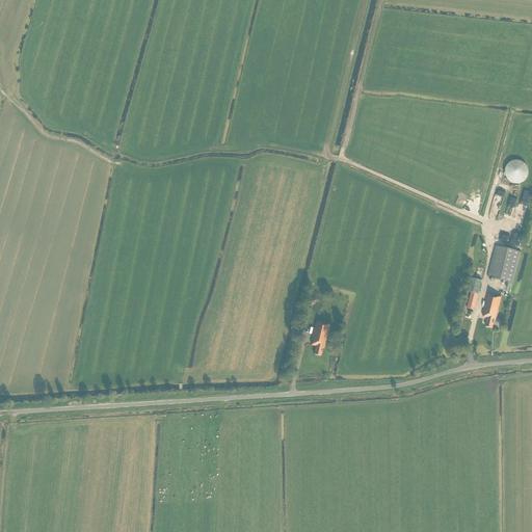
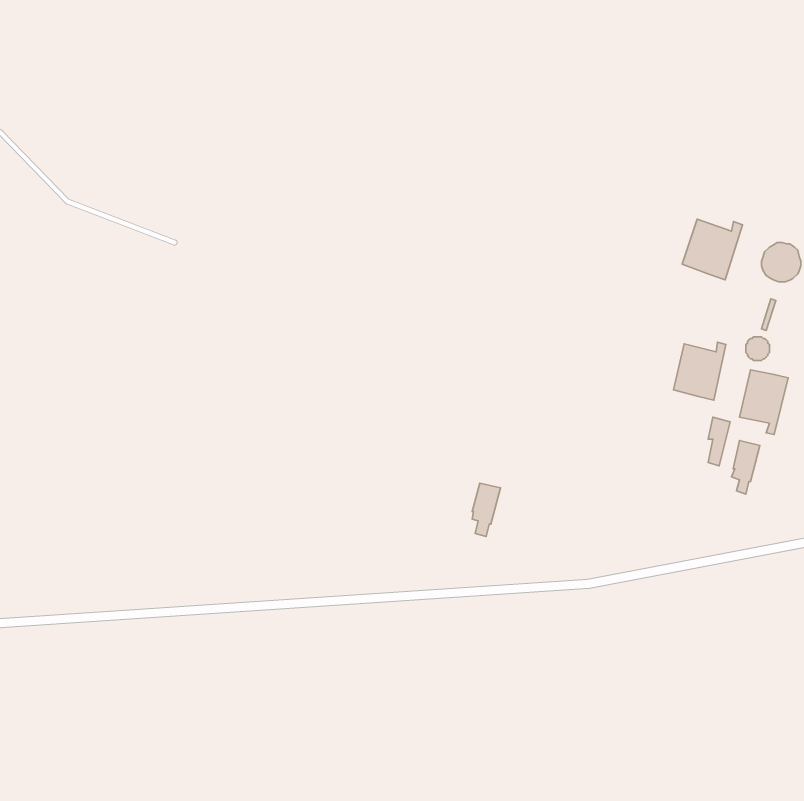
building: none -> [682,219,742,280]
building: none -> [673,342,726,400]

